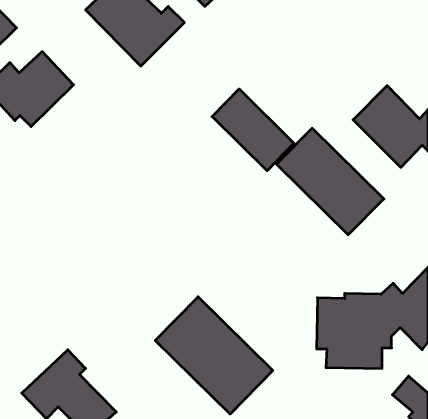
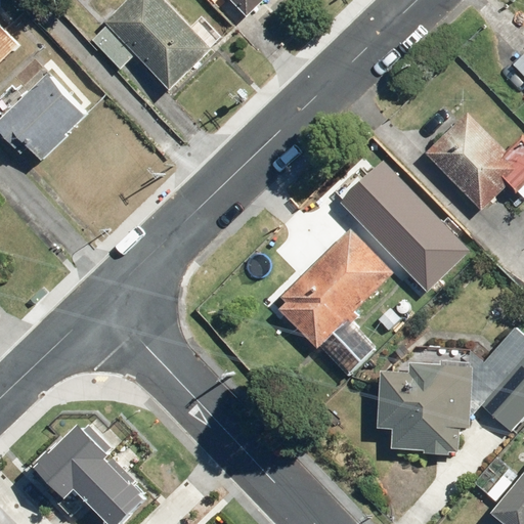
building: [212,89,294,171] -> none
building: none -> [268,227,390,377]
building: [155,297,273,414] -> none

